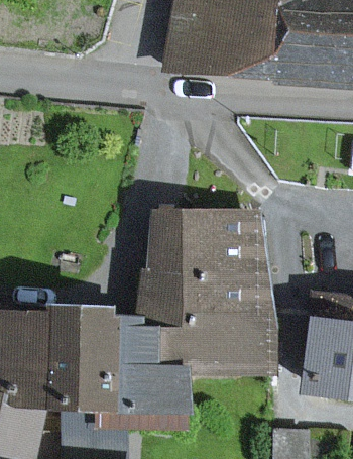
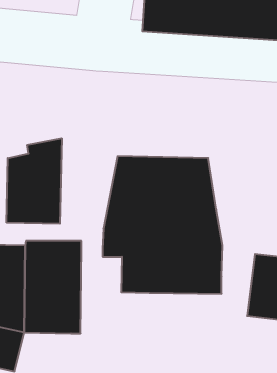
building: none -> [7,138,62,224]
building: [101,315,191,429] -> none

